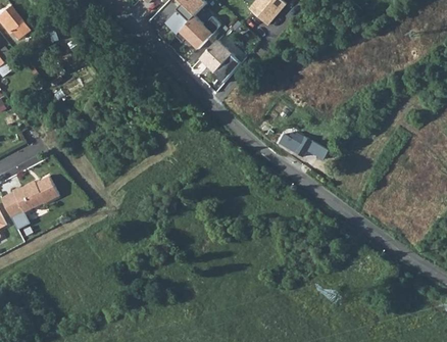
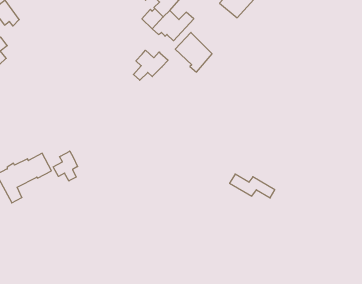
building: none -> [133,50,168,80]
building: [280,133,330,159] -> [230,174,275,198]
building: none -> [53,151,78,181]

